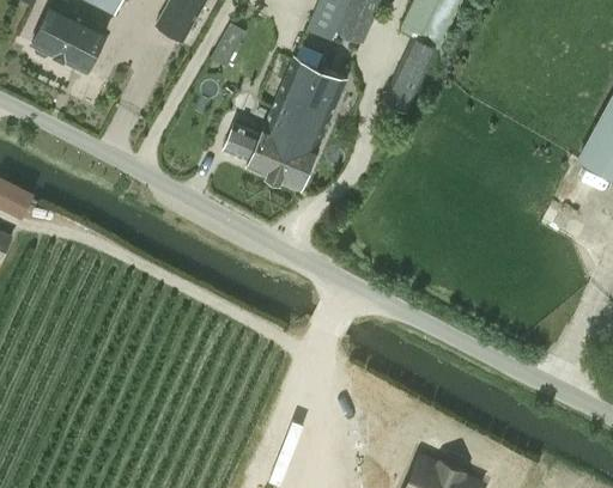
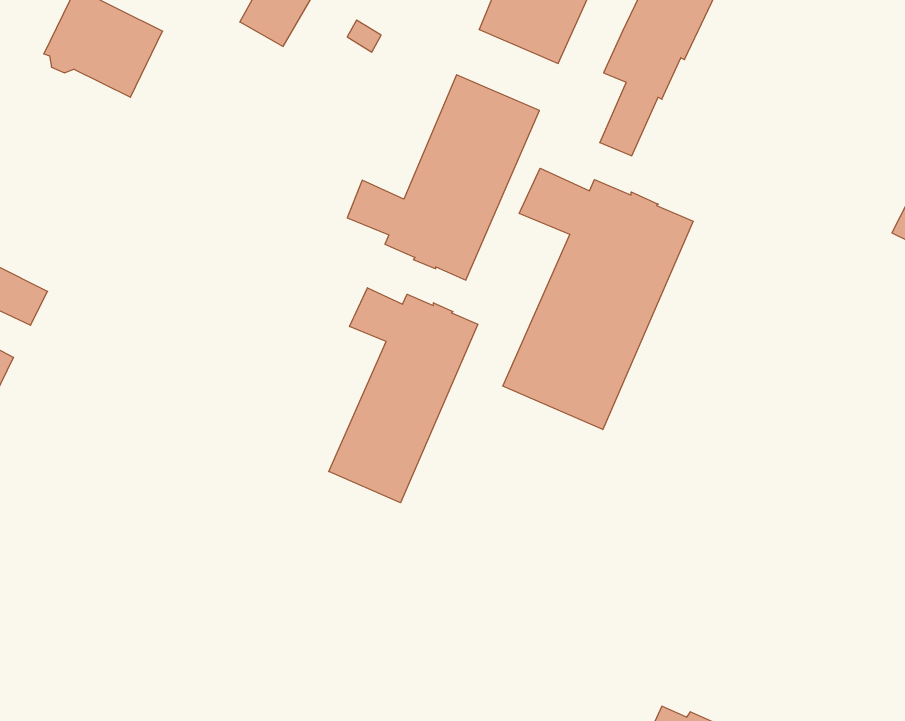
building: none -> [503,168,693,430]
building: none -> [329,288,478,503]

